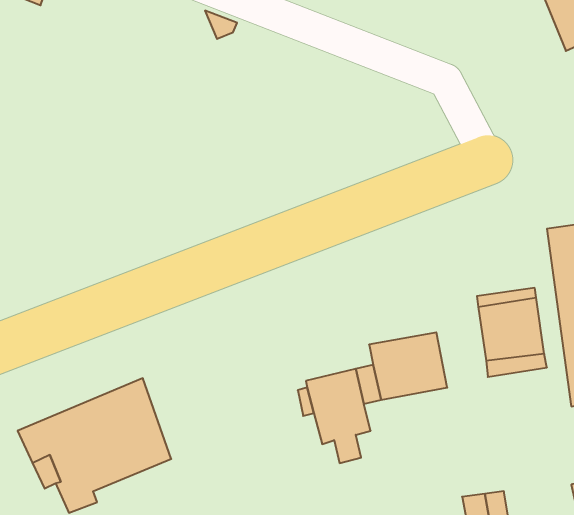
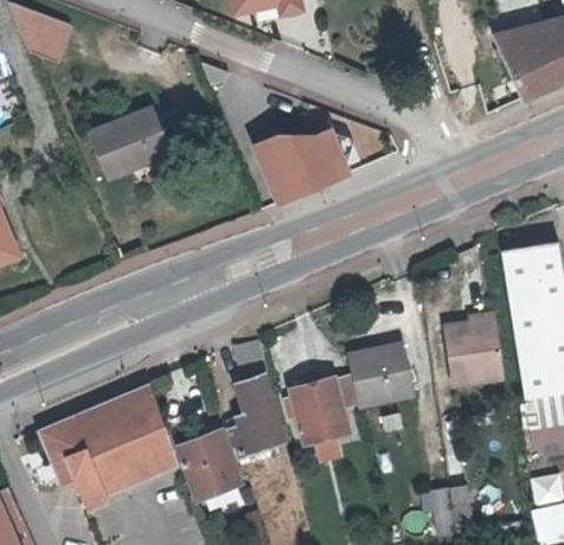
building: none -> [89,104,172,175]
building: none -> [256,130,351,204]
building: none -> [229,378,283,455]
building: none -> [179,432,239,500]

